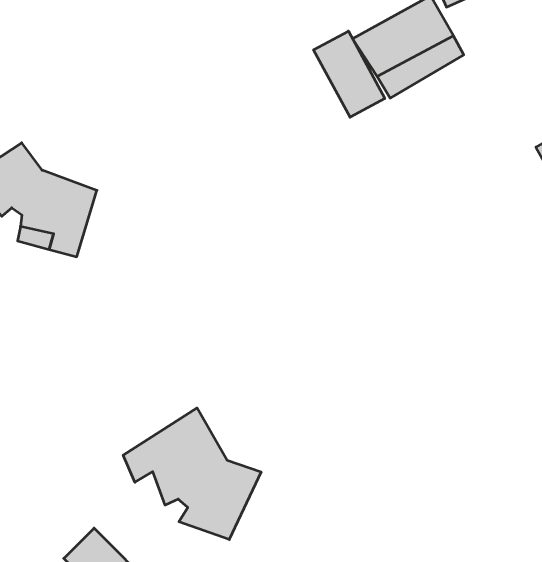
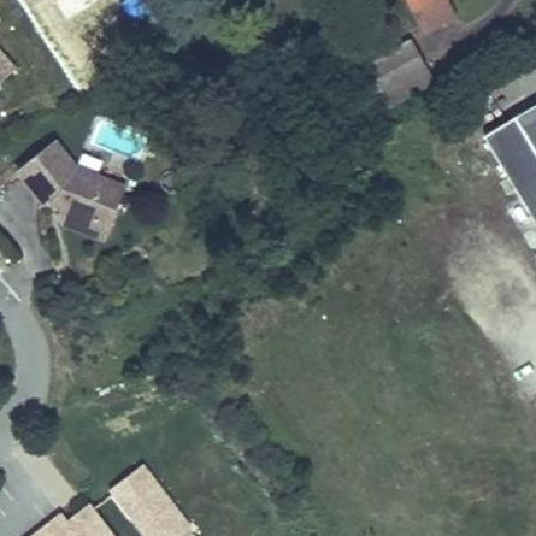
building: [314,31,385,117] -> none
building: [123,408,261,540] -> none

